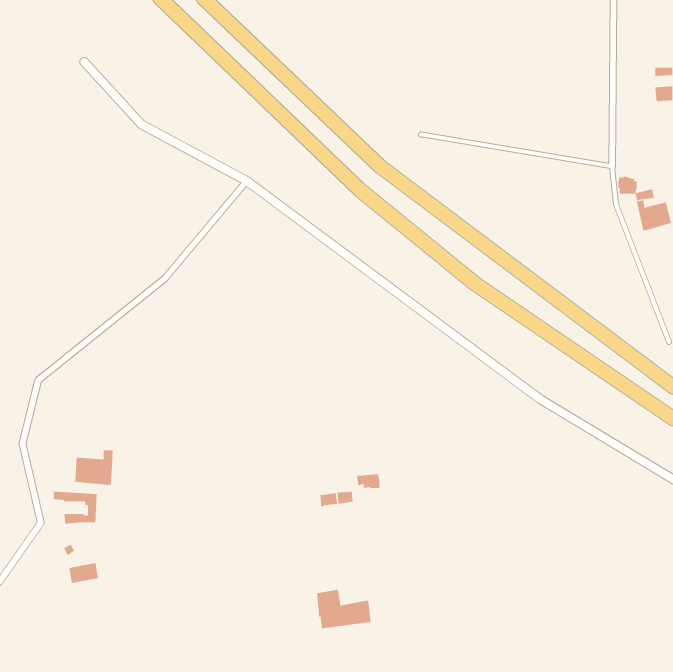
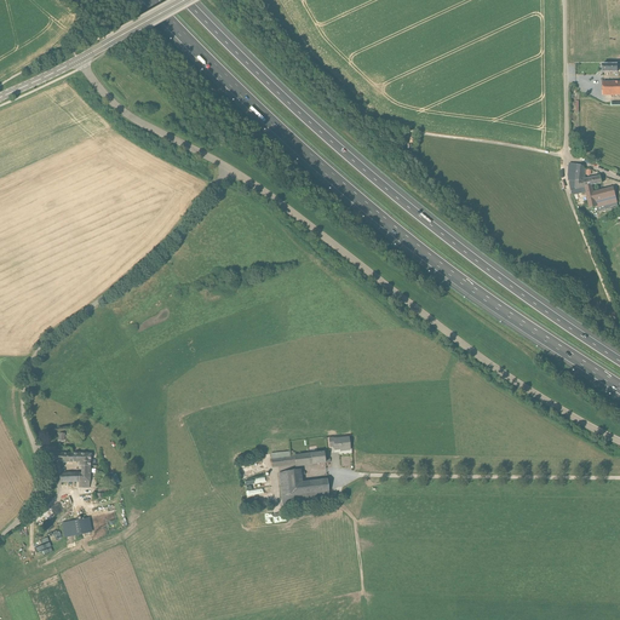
building: [75,449,113,485] -> none
building: [316,589,371,629] -> [277,467,328,504]

